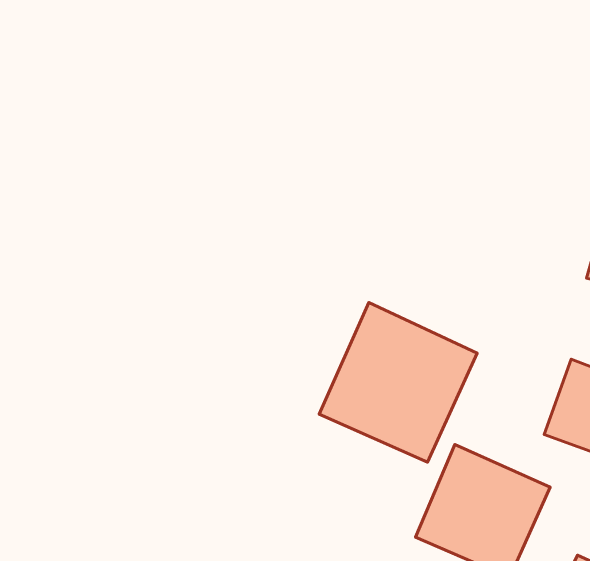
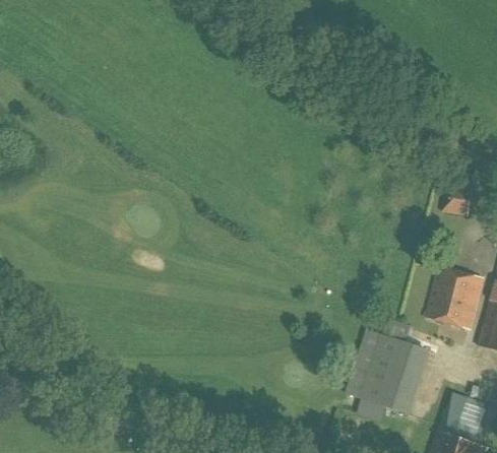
building: [319,303,477,462] -> none

